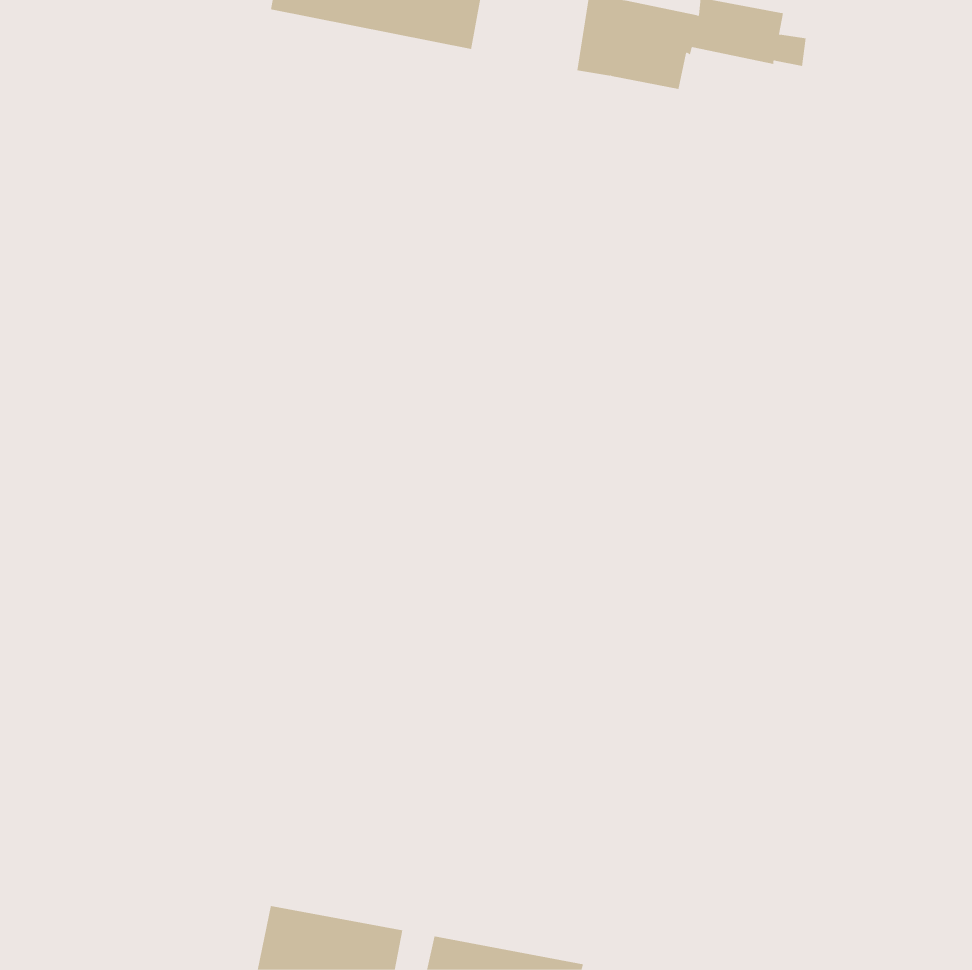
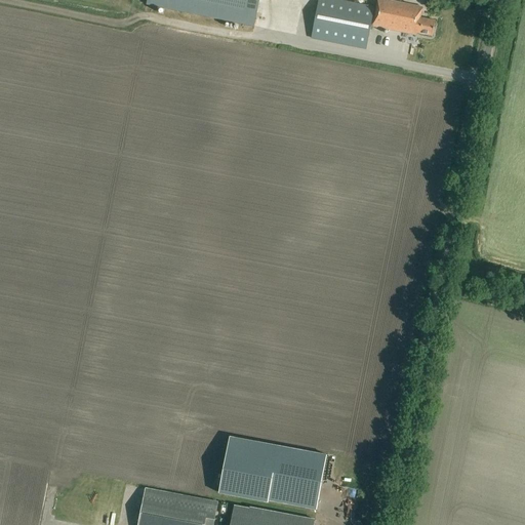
building: none -> [219,435,327,508]

